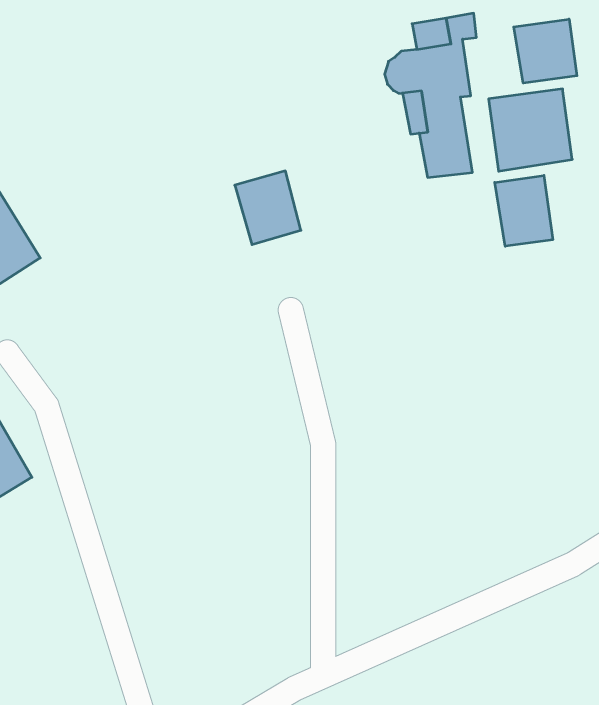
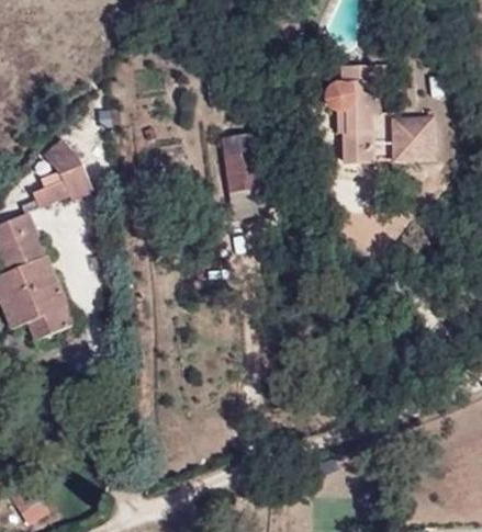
building: [514,19,577,83] -> none
building: [495,175,553,246] -> none

